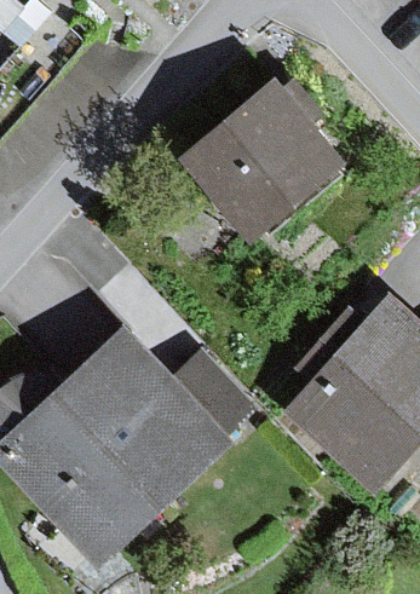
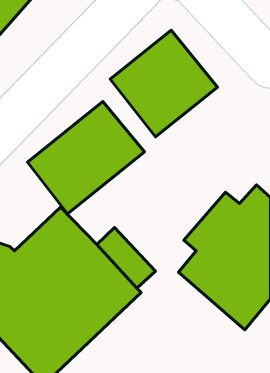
building: none -> [27,101,144,214]

